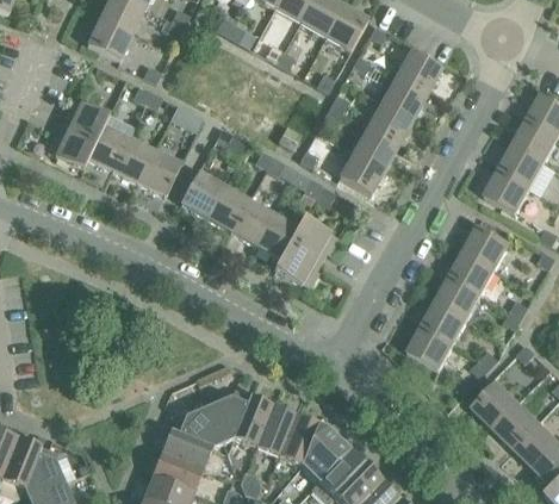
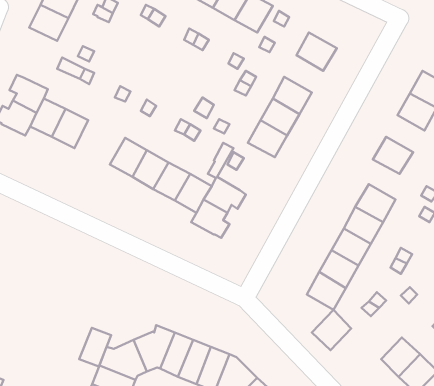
building: [381,76,427,119] -> none
building: [499,145,544,188] -> none
building: [139,151,181,195] -> none
building: [472,381,517,428] -> [312,310,351,350]
building: none -> [79,328,111,366]

